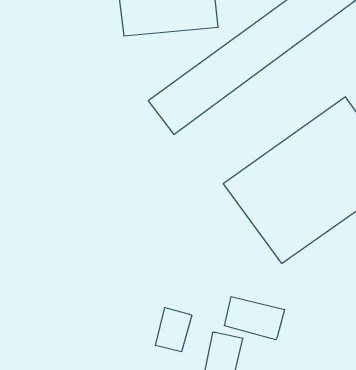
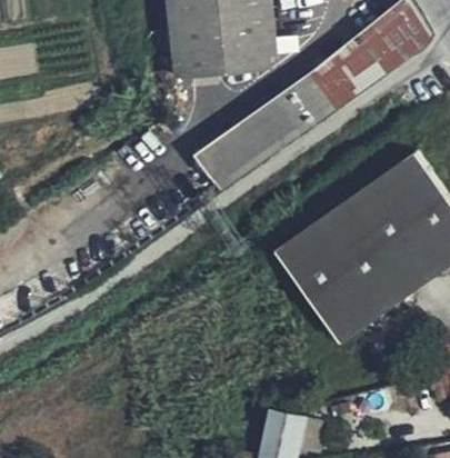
building: [224,297,285,340] -> none
building: [156,308,192,352] -> none

